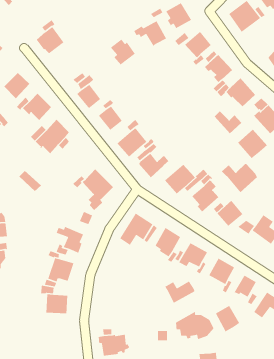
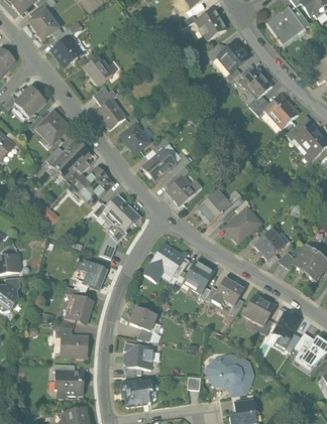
building: none -> [29,10,58,39]
building: [133,20,167,47] -> none
building: [110,39,136,65] -> [83,58,112,89]
building: [214,111,242,134] -> none
building: [237,129,268,159] -> none
building: none -> [75,169,110,204]
building: [221,163,258,193] -> none
building: none -> [129,307,155,330]
building: [164,281,195,304] -> none
building: none -> [123,341,158,369]
building: [215,305,240,332] -> none
building: none -> [56,371,84,396]

